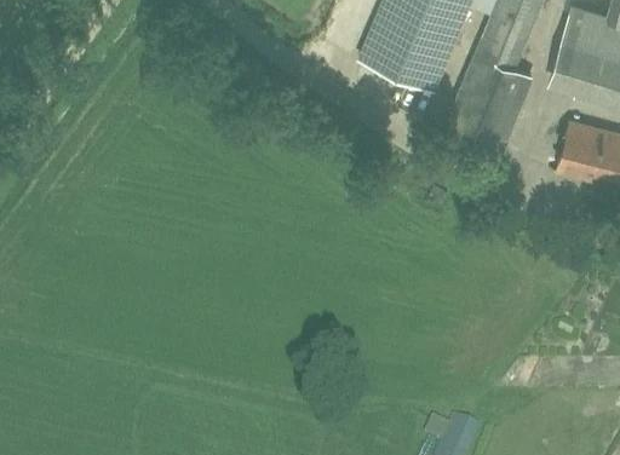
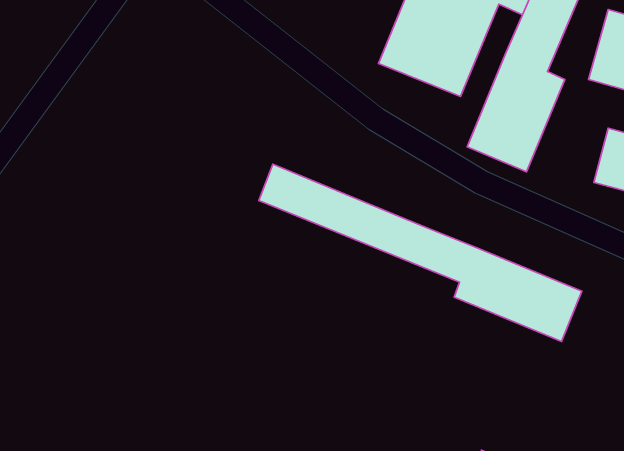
building: none -> [259,164,582,342]

